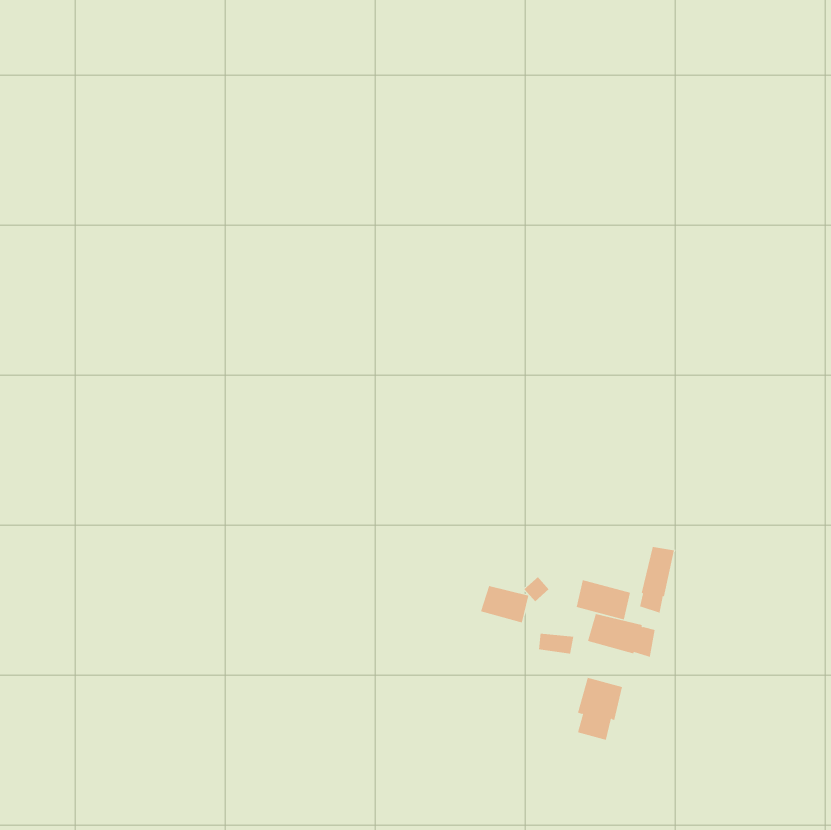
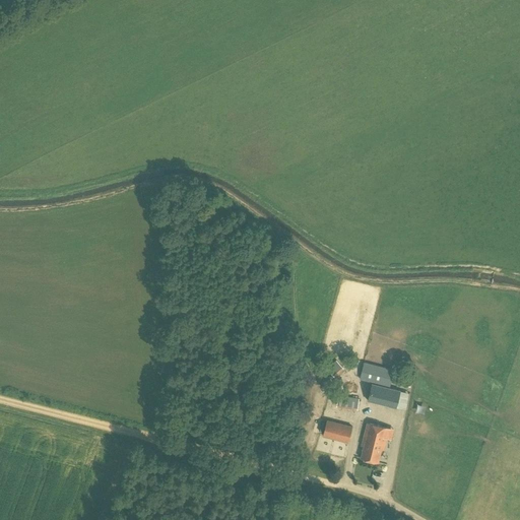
building: [639,546,674,614] -> none
building: [480,586,529,623] -> [322,420,352,444]

